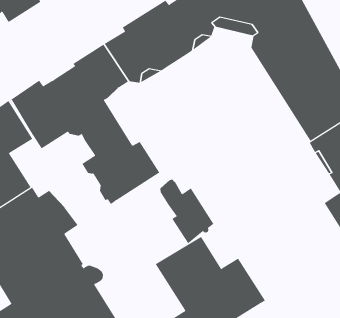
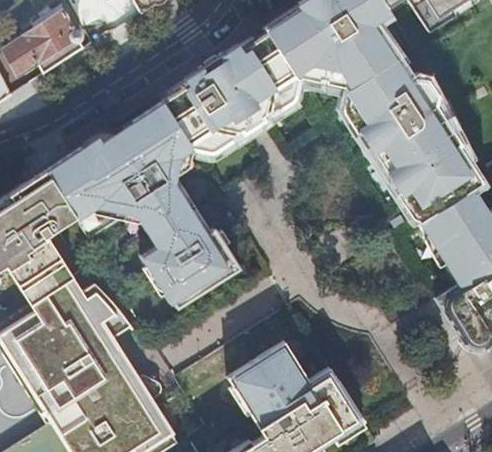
building: [160,179,214,244] -> none

